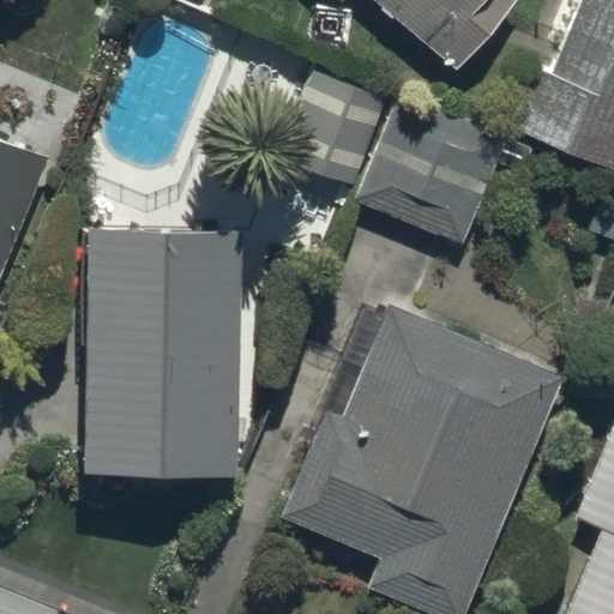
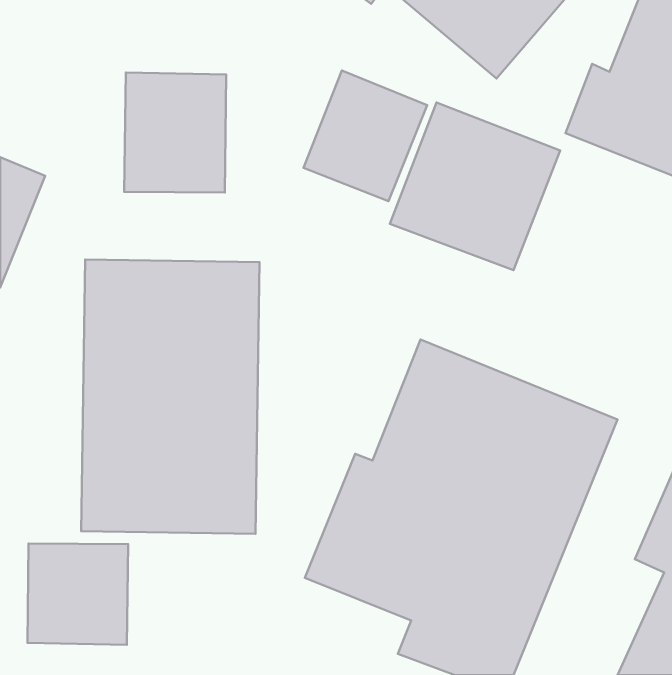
building: none -> [124,72,226,192]
building: none -> [27,544,128,645]

